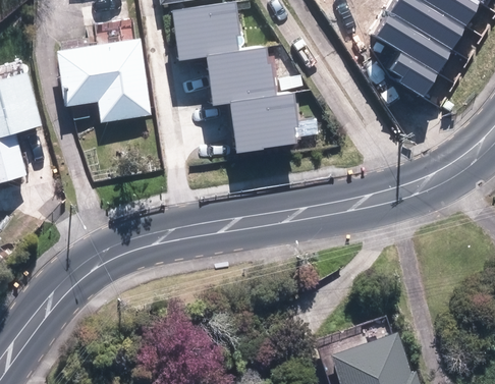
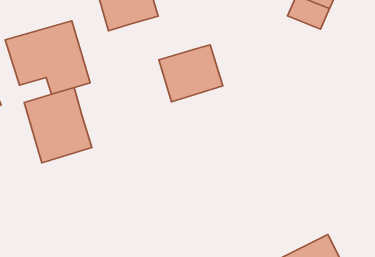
building: [207,46,276,103] -> none
building: none -> [24,88,92,163]

